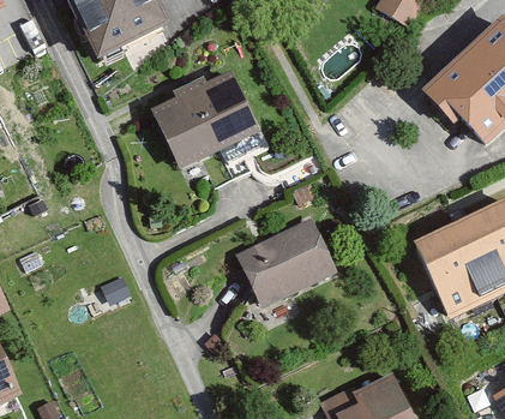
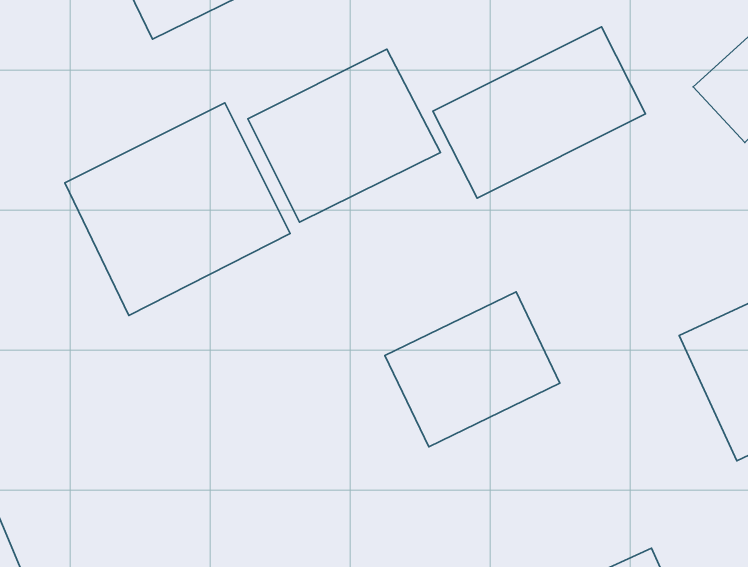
building: none -> [433,27,646,198]
building: none -> [65,103,290,315]

